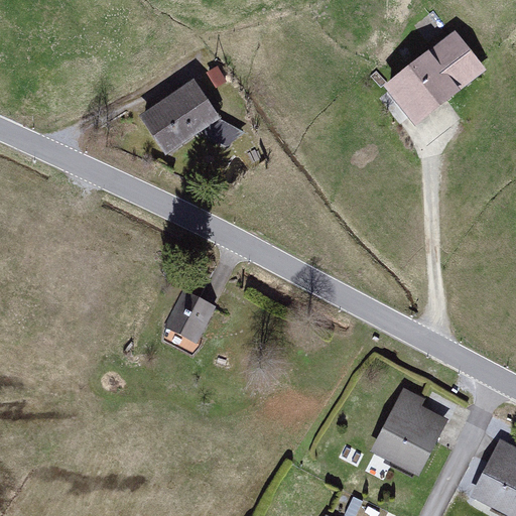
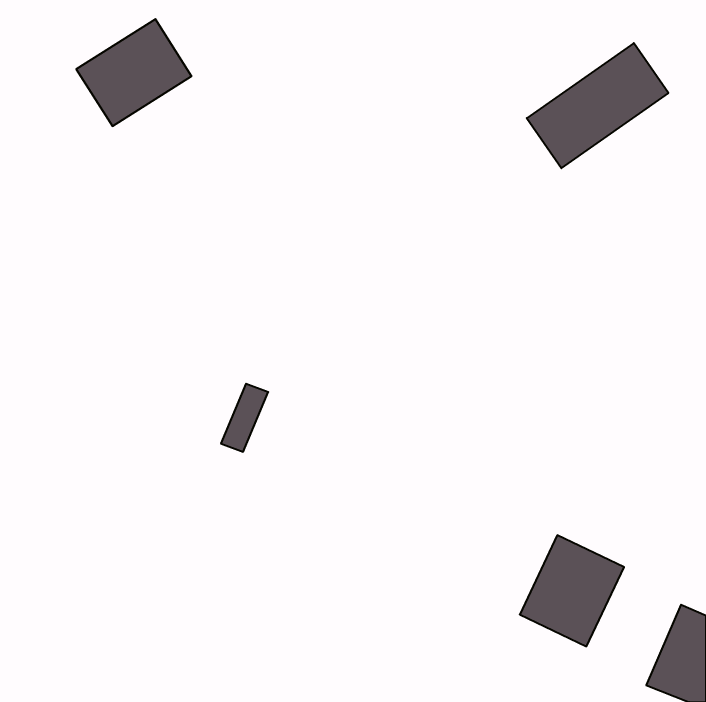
building: [139,81,223,158] -> [76,19,192,126]
building: [176,294,217,343] -> none

